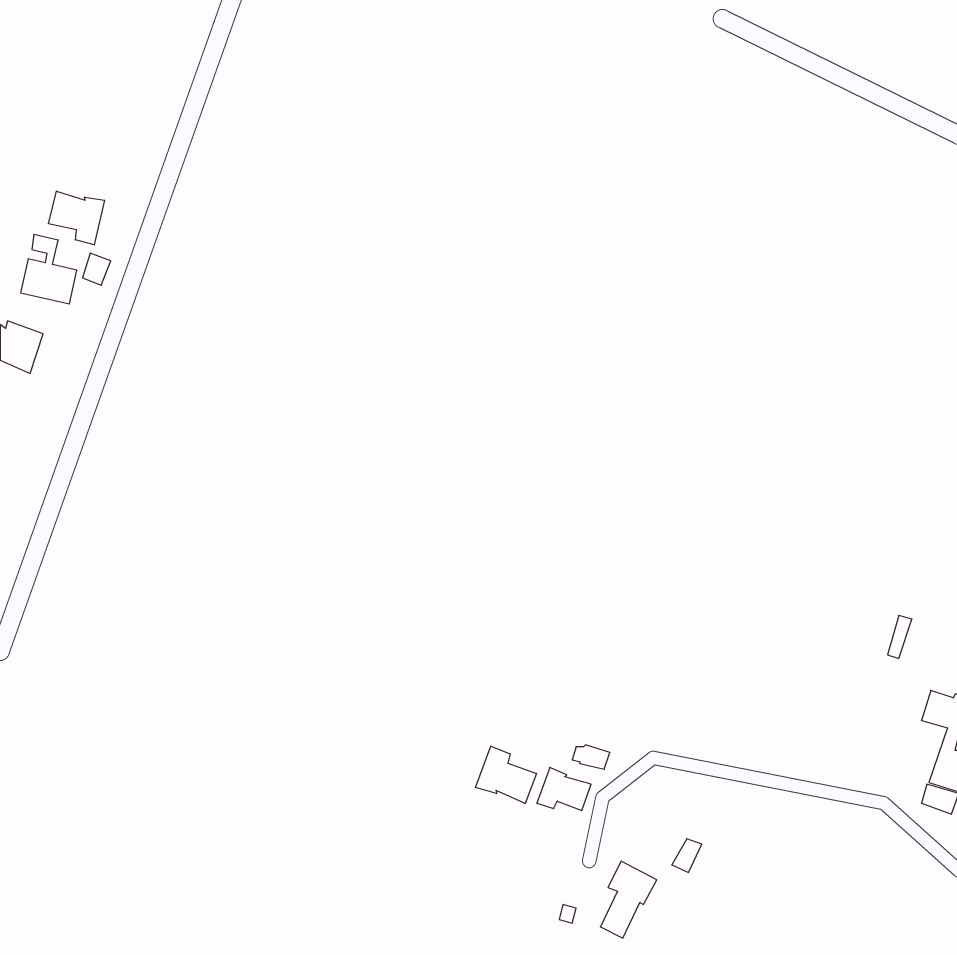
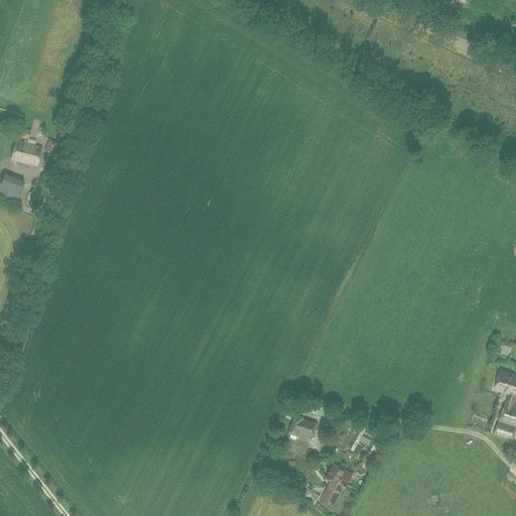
building: [49,191,105,245] -> none
building: [476,746,537,804] -> none

